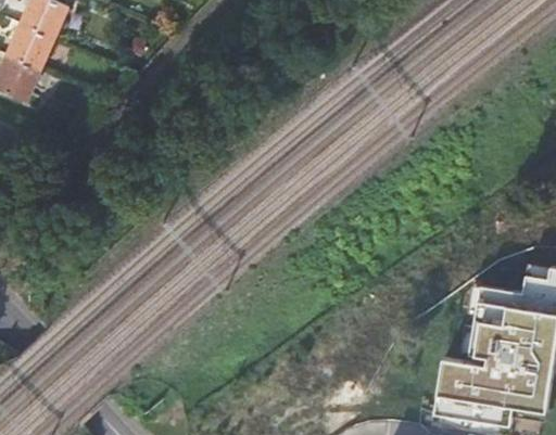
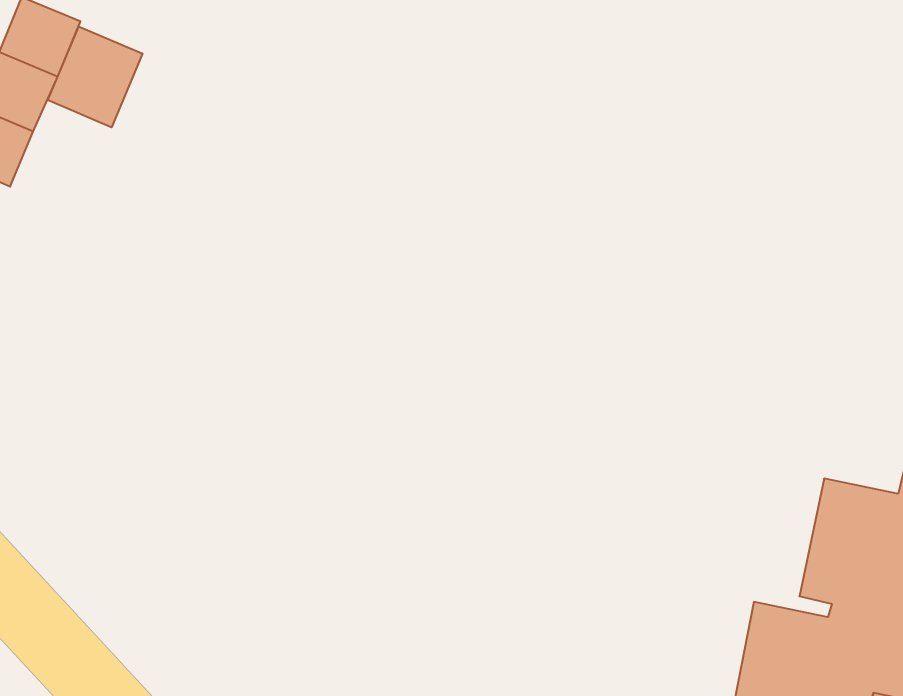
building: none -> [48,26,142,127]

